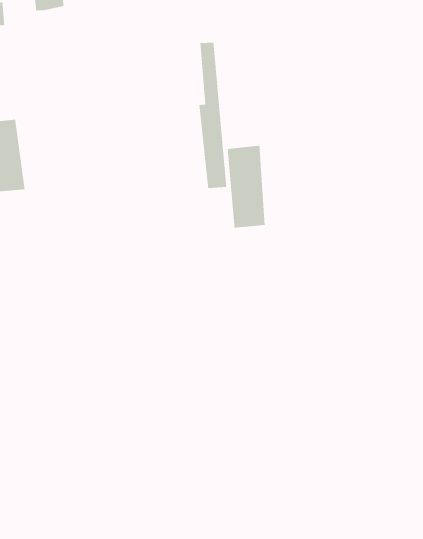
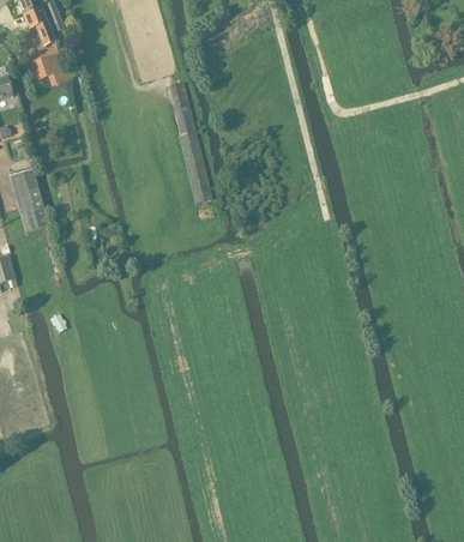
building: [227,145,266,229] -> none

